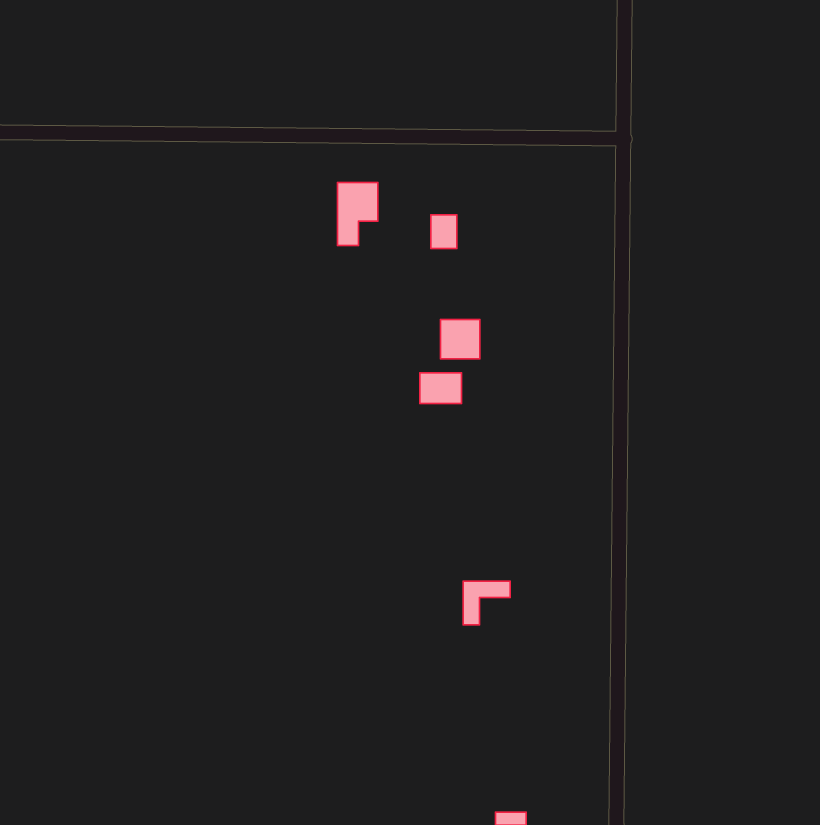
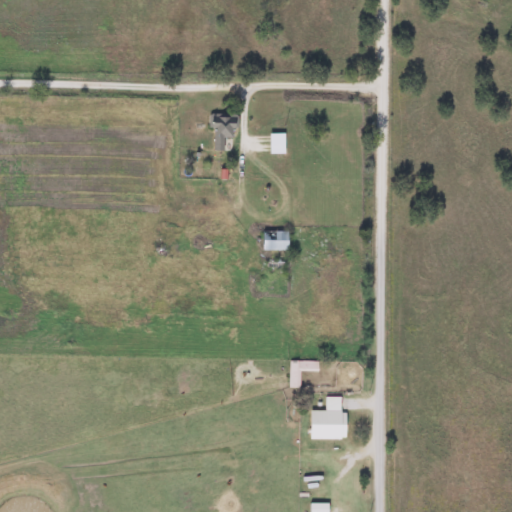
building: [441,320,480,359] -> none
building: none -> [310,396,347,439]

